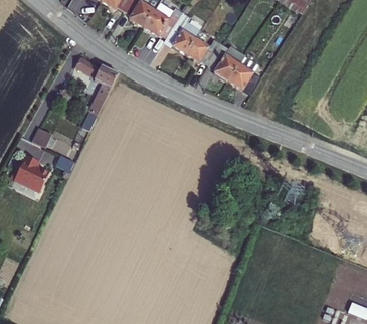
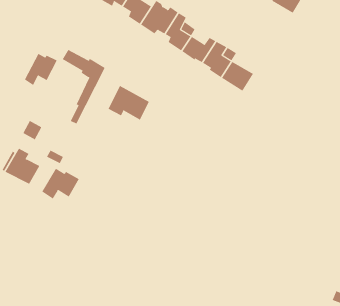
building: none -> [24,53,57,86]
building: none -> [108,85,150,120]
building: none -> [42,168,80,199]

